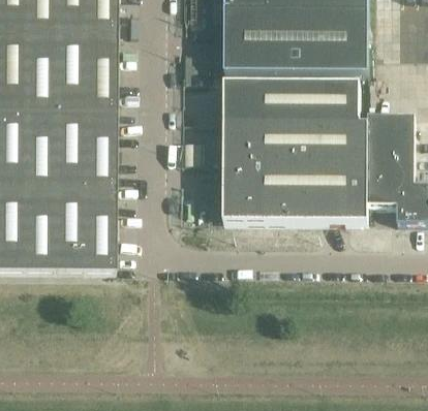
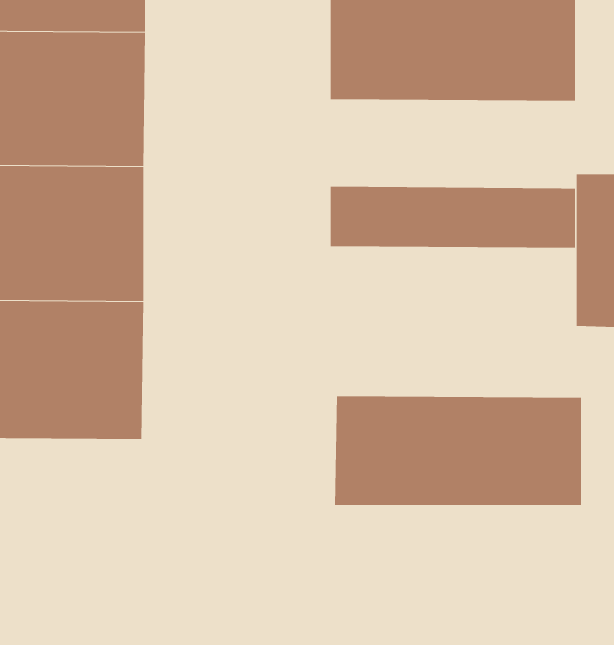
building: [223,82,359,123] -> none
building: [222,157,367,221] -> [334,396,582,506]

